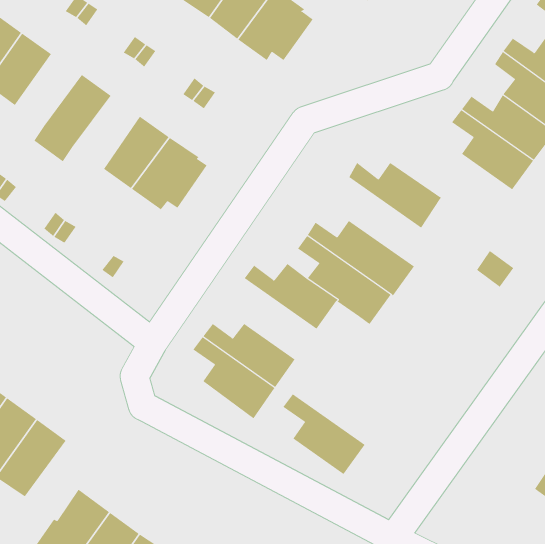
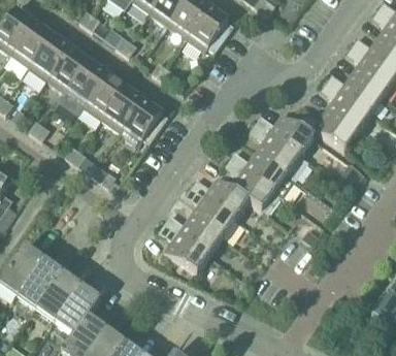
building: none -> [50,45,91,90]
building: none -> [86,71,127,117]
building: none -> [301,107,359,149]
building: none -> [251,122,310,177]
building: [283,394,365,475] -> [186,185,237,235]
building: none -> [56,286,101,335]

